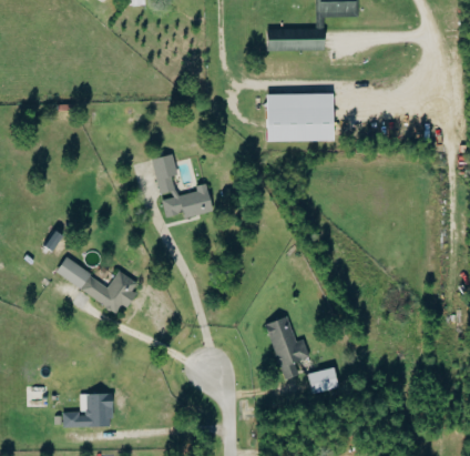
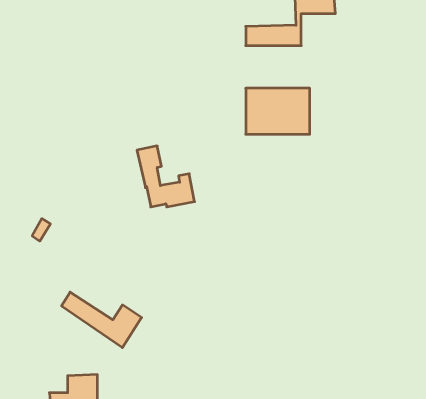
building: [55,256,139,314] -> [62,292,142,348]
building: [265,315,309,378] -> none
building: [307,366,338,394] -> none

